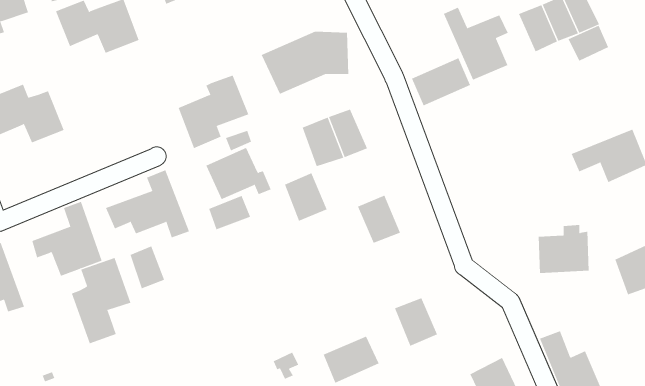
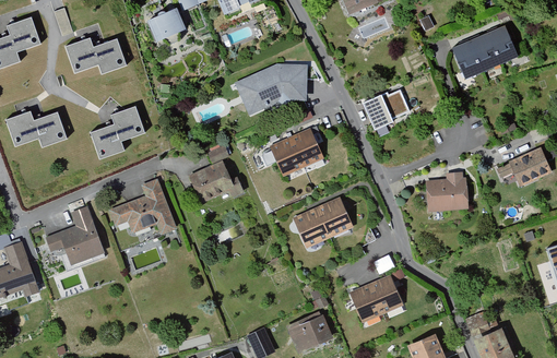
building: [443,7,509,80] -> none
building: [568,25,609,62] -> none
building: [178,75,249,149] -> [88,104,147,165]
building: [284,173,328,221] -> [293,207,329,248]
building: [209,195,251,230] -> none
building: [538,225,589,273] -> [426,169,469,210]
building: [130,246,165,289] -> none
building: [71,257,131,344] -> none
building: none -> [369,274,402,313]

